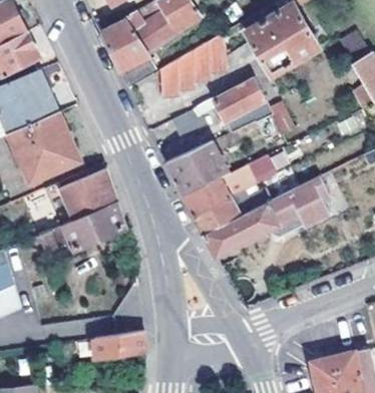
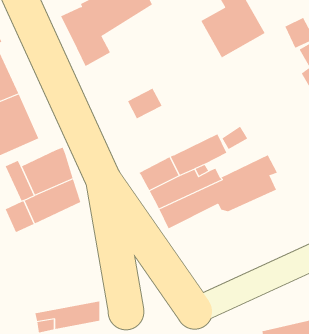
building: [158,33,228,100] -> none
building: [214,76,271,129] -> none
building: [166,142,222,195] -> none

